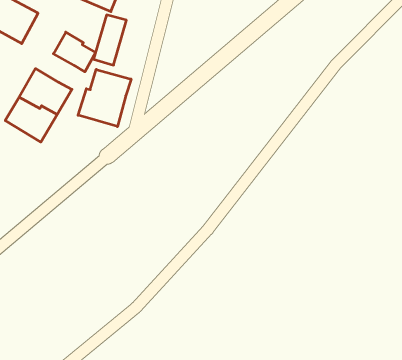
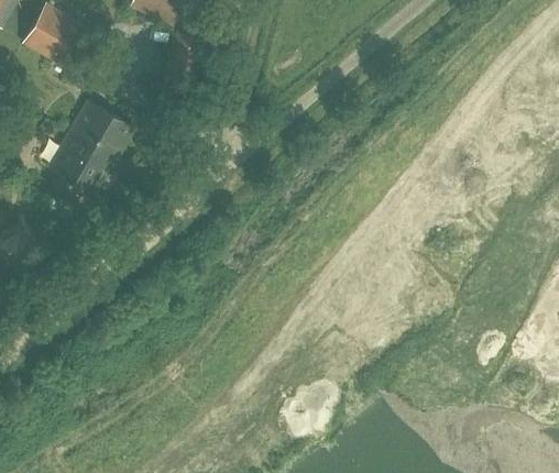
building: [53,32,96,72] -> none
building: [78,69,131,127] -> none

